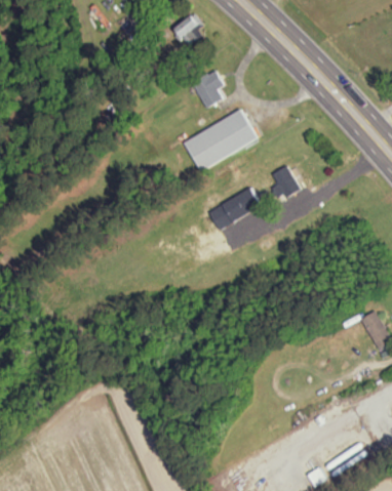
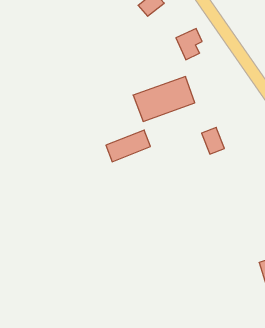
building: [191,70,223,109] -> [176,29,202,60]
building: [207,188,261,231] -> [106,130,150,162]

